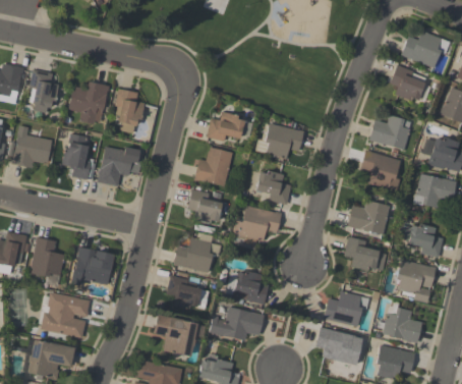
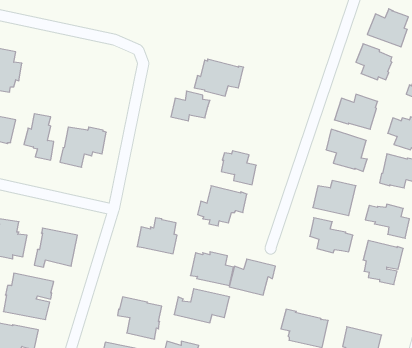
building: [68,81,110,123] -> none
building: [115,89,145,132] -> none
building: [255,122,304,159] -> [194,59,244,96]
building: [194,147,233,185] -> none
building: [187,188,222,223] -> none
building: [166,275,210,309] -> none
building: [324,290,369,326] -> [229,259,275,295]
building: [377,300,422,342] -> none

